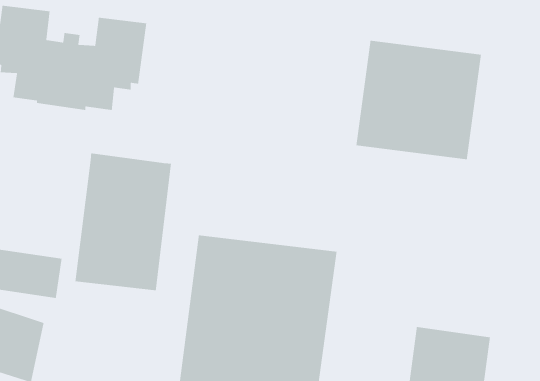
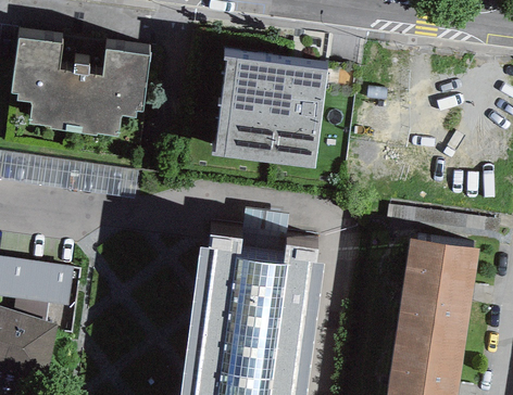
building: [356,40,482,160] -> [213,54,328,164]
building: [74,153,172,291] -> none
building: none -> [397,237,479,336]

